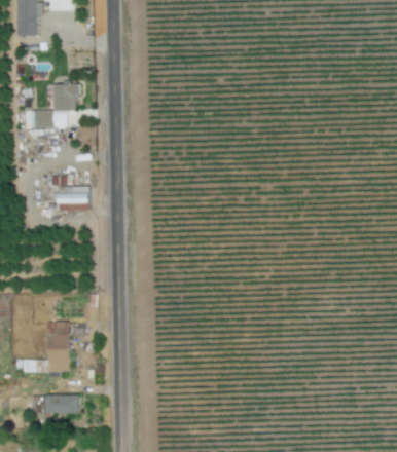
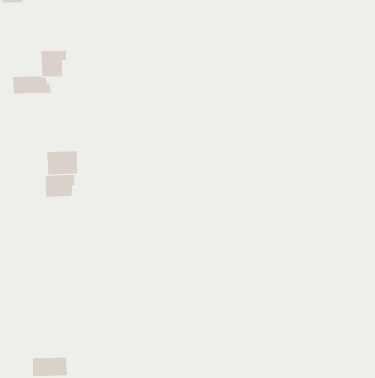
building: none -> [45,174,75,197]
building: [47,322,70,372] -> none

